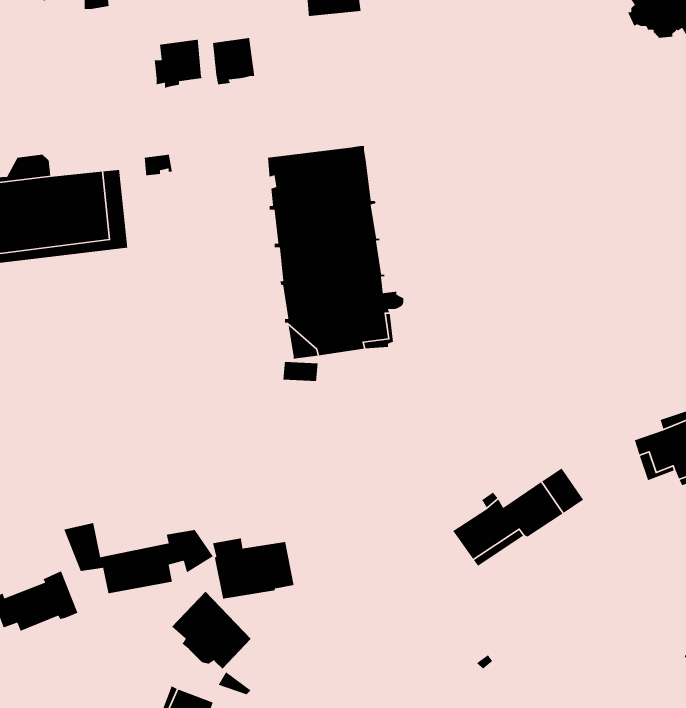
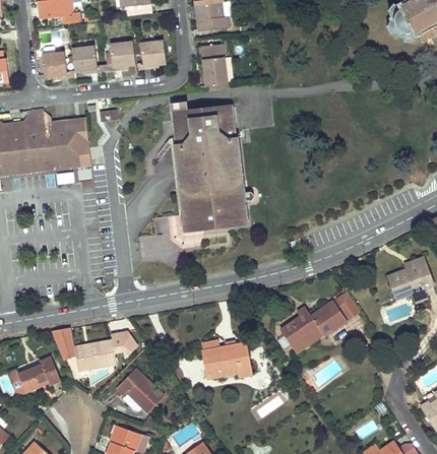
building: none -> [200,43,227,85]
building: none -> [71,46,98,72]
building: none -> [42,52,67,77]
building: [212,538,294,599] -> [202,340,251,377]

